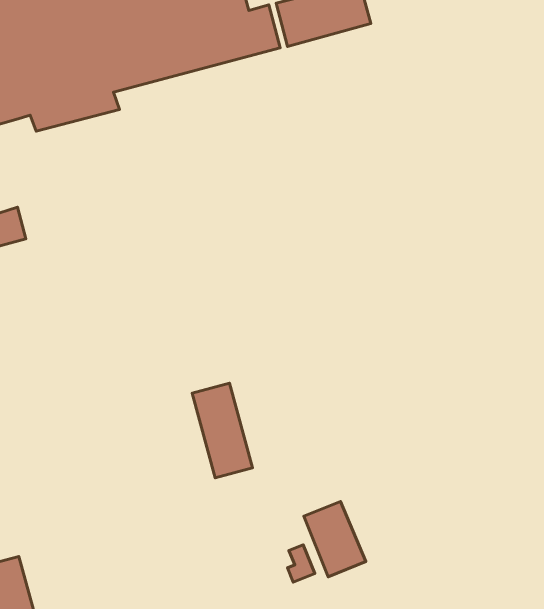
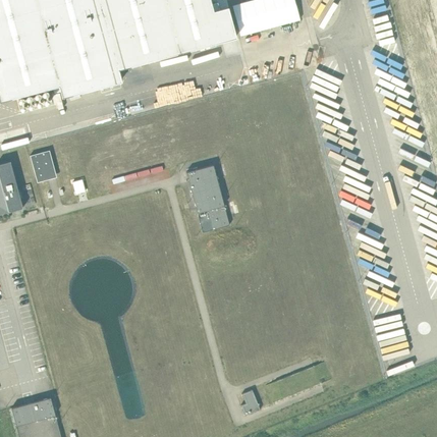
building: [192,383,252,478] -> [186,165,229,232]
building: [304,501,366,577] -> none

